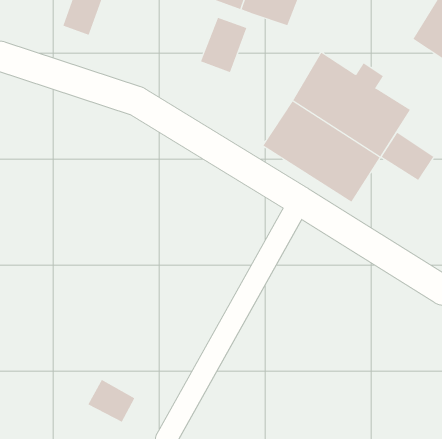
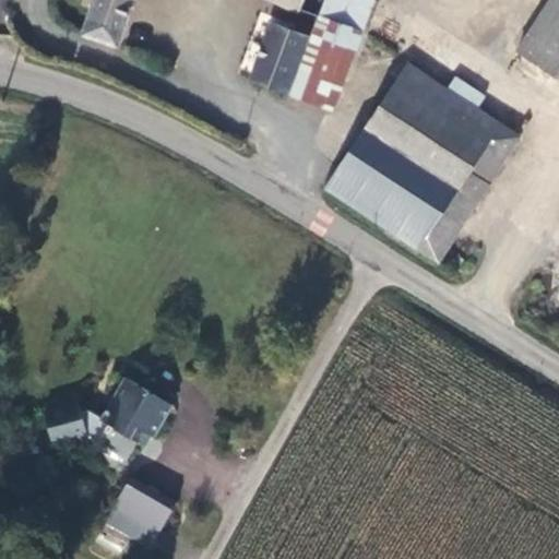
building: none -> [292,17,364,107]
building: [381,132,434,181] -> none
building: none -> [44,378,170,460]

